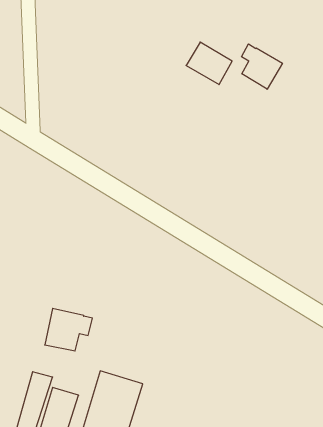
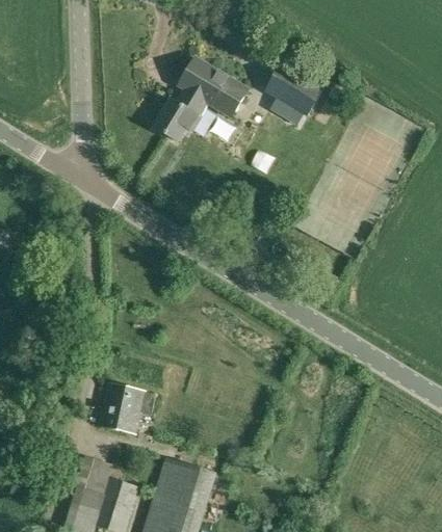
building: none -> [153,61,246,143]
building: [242,44,282,89] -> none

